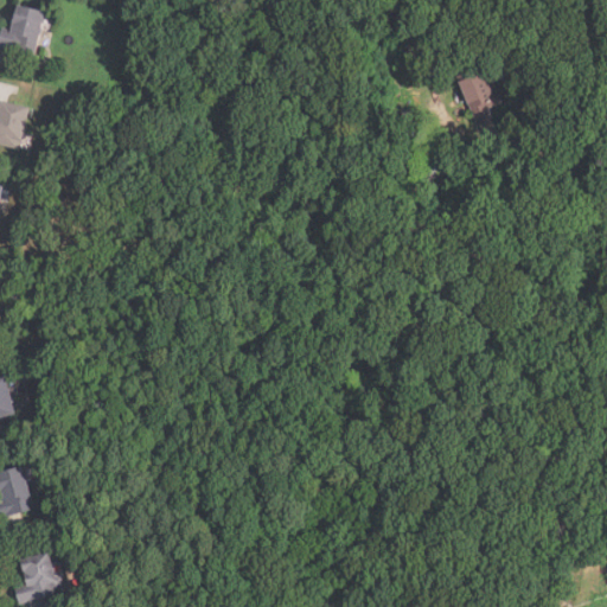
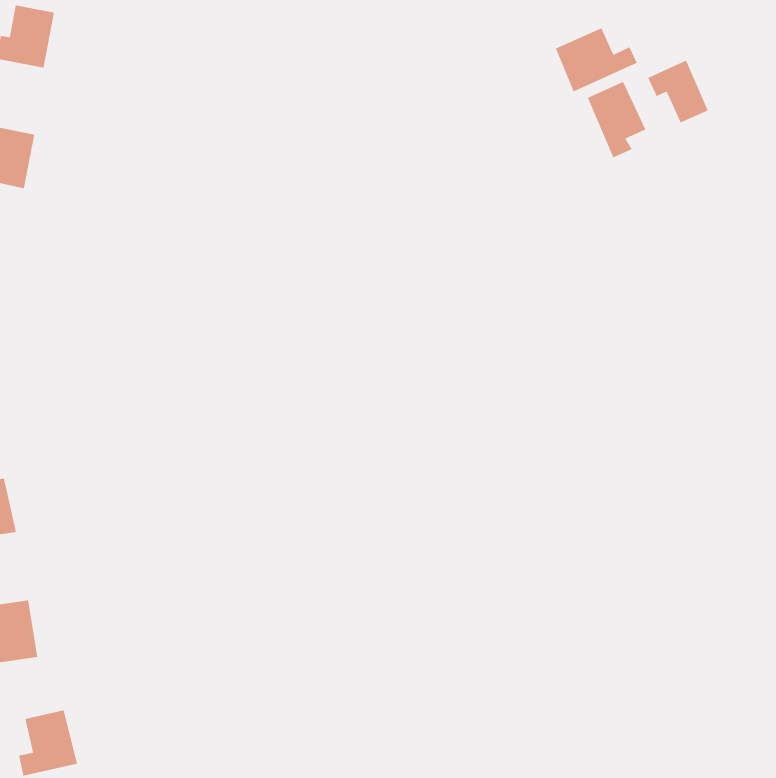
building: none -> [555,27,638,93]
building: none -> [647,59,709,124]

